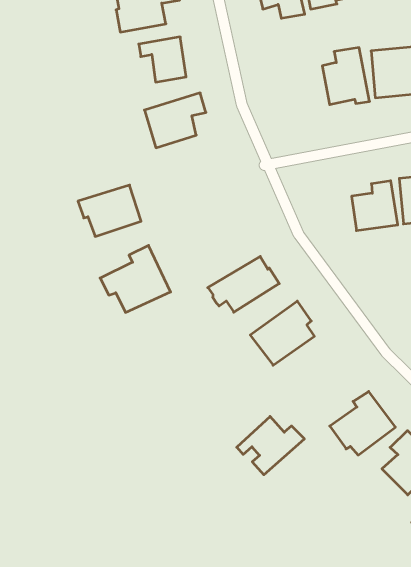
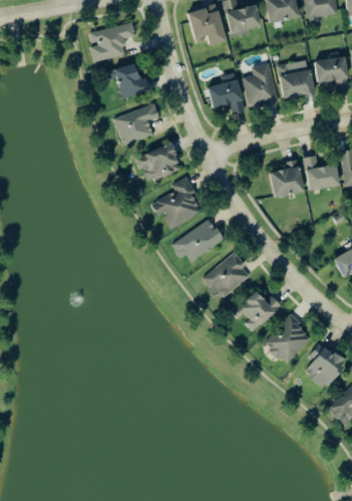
building: none -> [208,79,246,114]
building: [78,185,141,236] -> [135,144,183,183]
building: [100,245,171,312] -> [151,178,204,228]
building: [237,416,304,475] -> [233,290,282,333]

